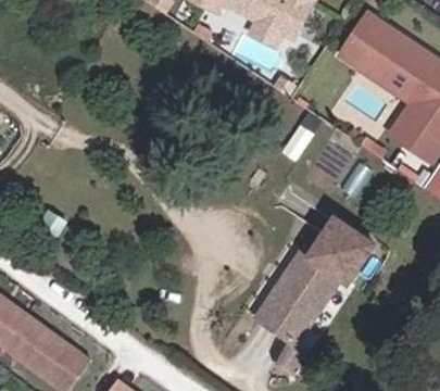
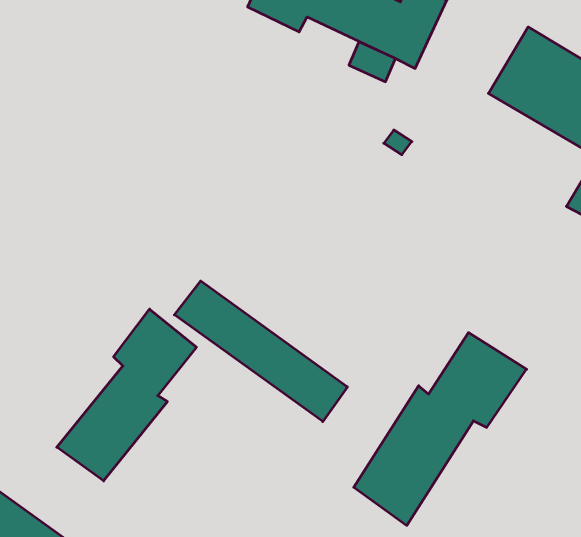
building: none -> [174,281,347,422]
building: none -> [57,309,196,481]

